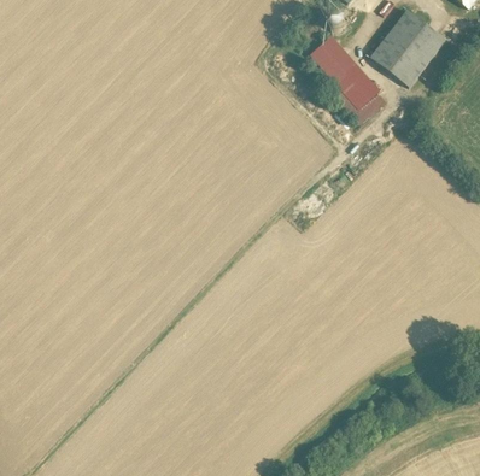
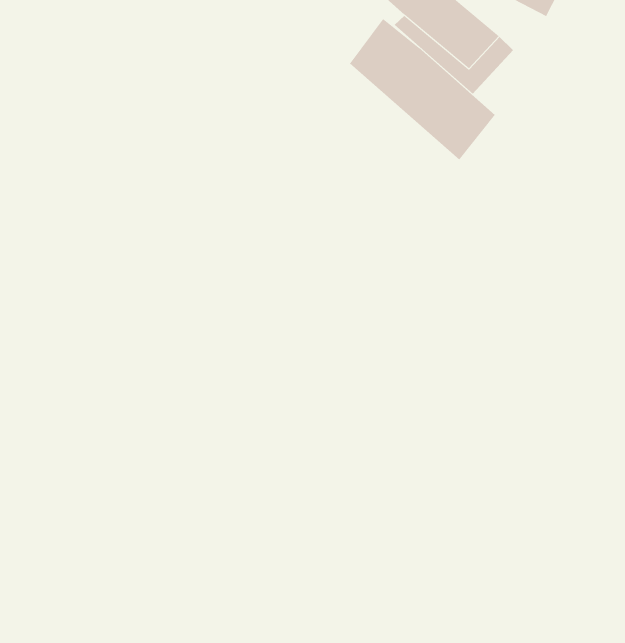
building: none -> [349,18,495,161]

